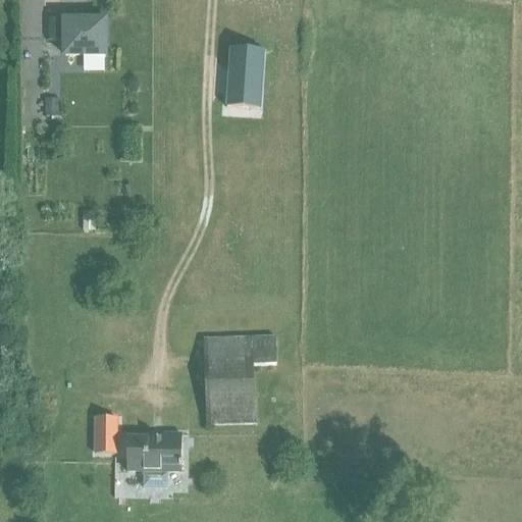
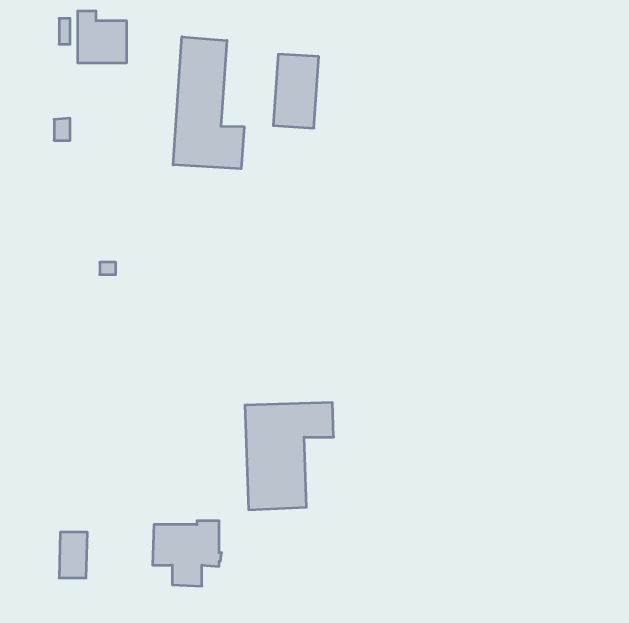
building: none -> [173,37,244,169]
building: [95,414,118,452] -> [59,532,87,578]

